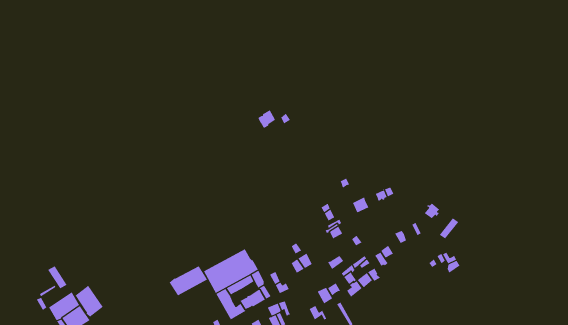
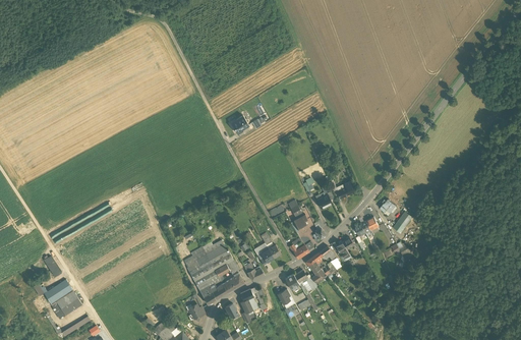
building: [169,266,208,296] -> none
building: [75,285,103,317] -> none

